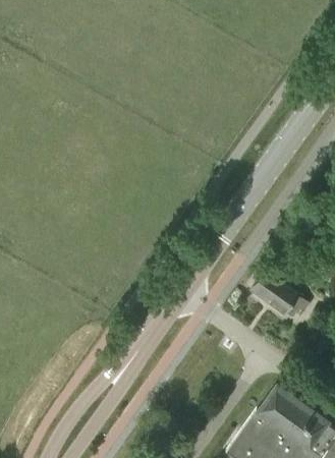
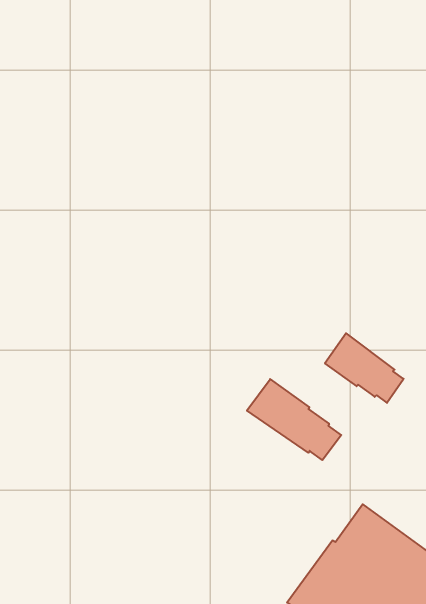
building: none -> [247,379,341,460]

